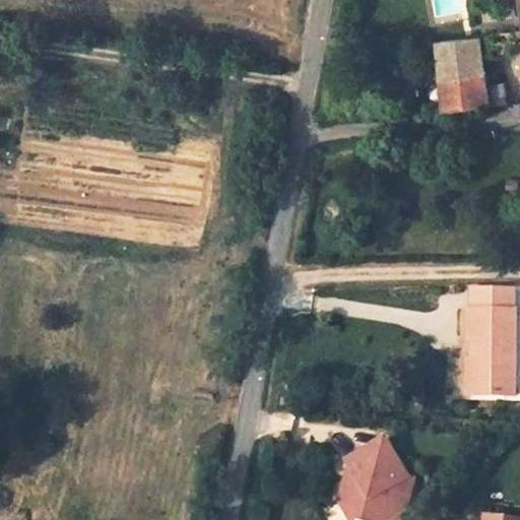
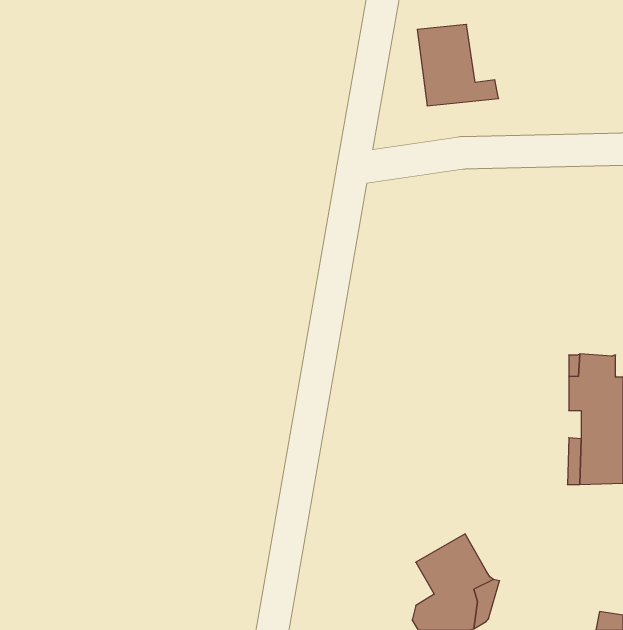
building: [433,36,500,103] -> [417,24,499,106]

